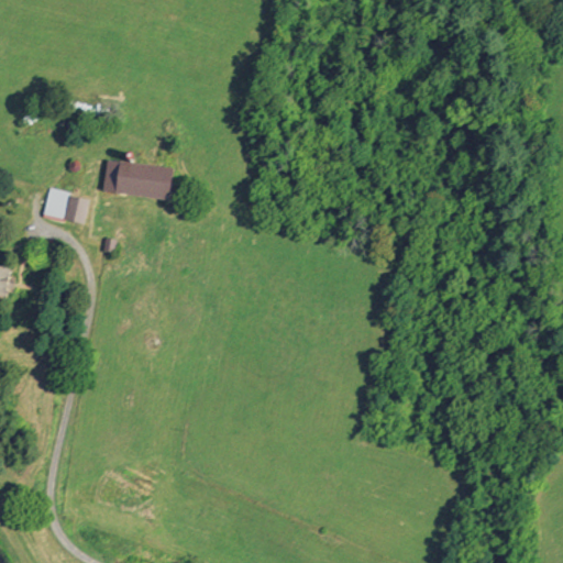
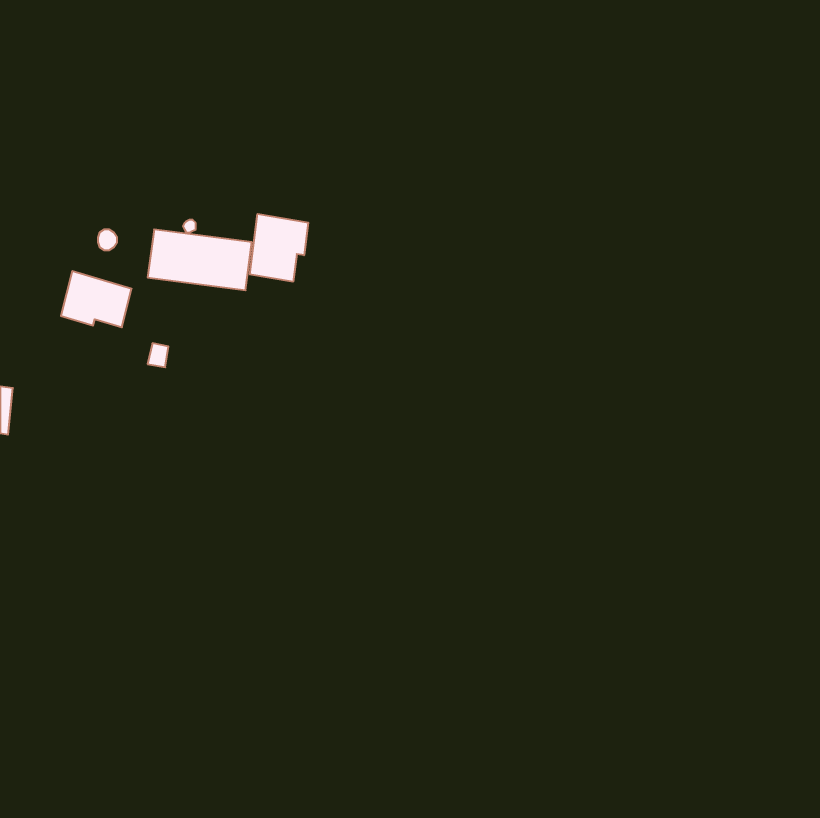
building: none -> [250,214,308,282]

